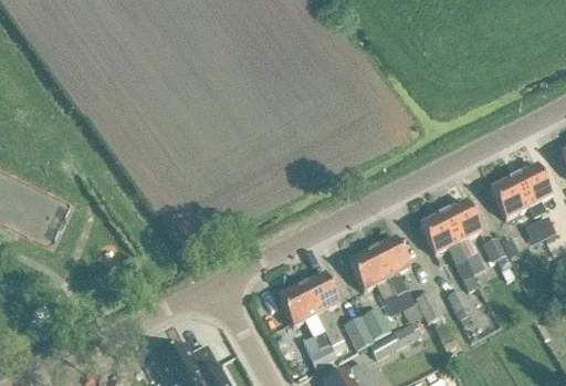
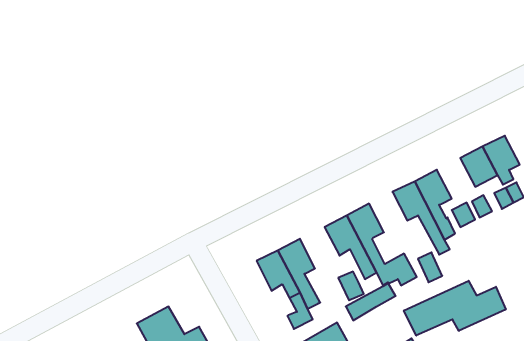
building: [345,314,377,351] -> none
building: none -> [404,281,506,336]

